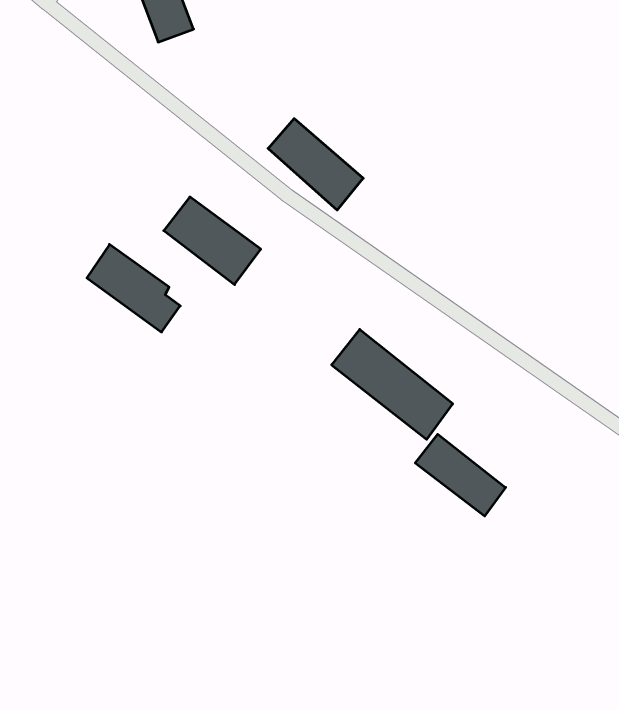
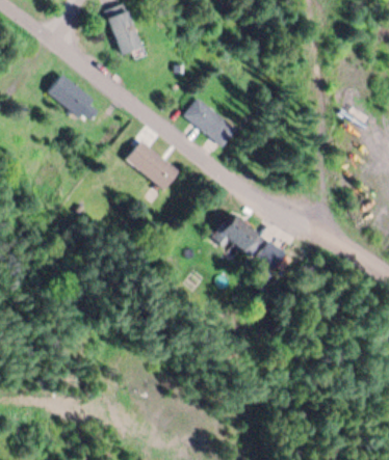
building: [87,244,180,332] -> [48,74,100,123]
building: [415,434,506,516] -> none

